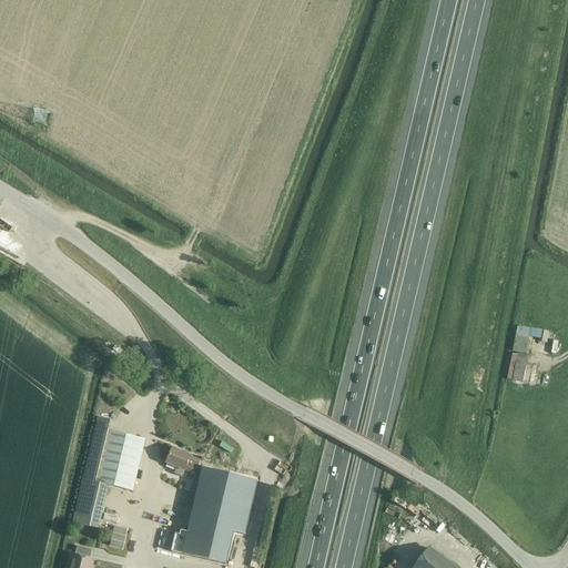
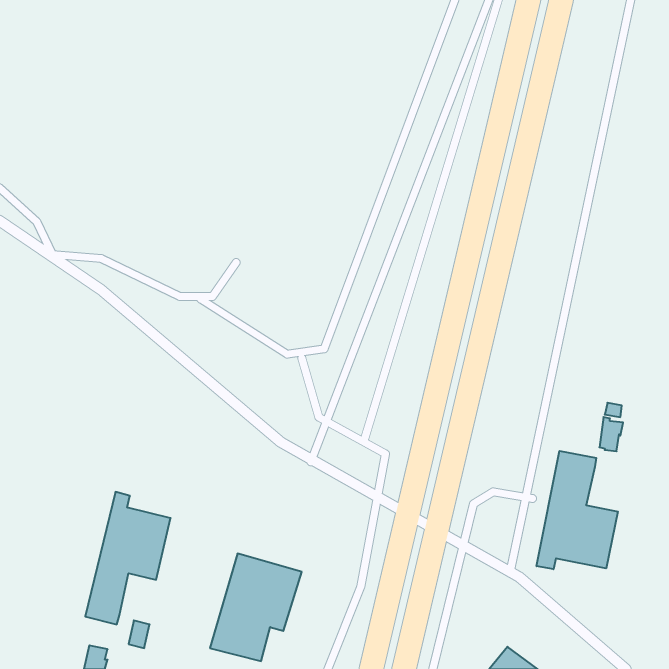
building: none -> [537,451,618,569]
building: [165,447,200,476] -> none

